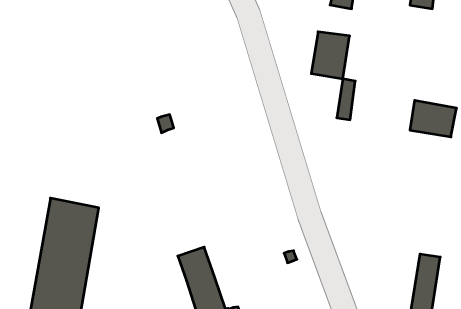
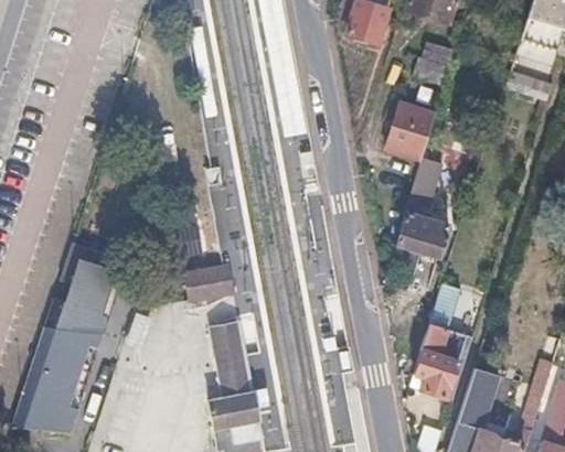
building: [410,100,457,137] -> [394,212,449,258]
building: none -> [411,287,472,402]
building: none -> [189,268,234,303]

